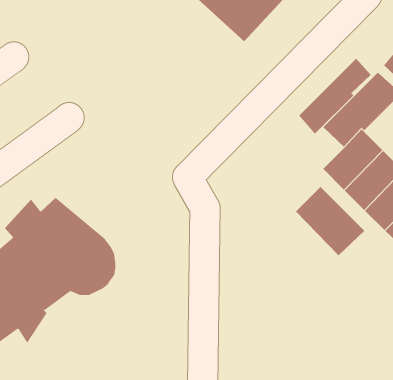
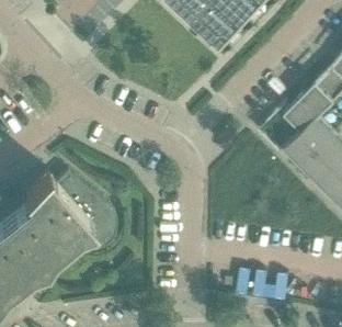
building: [299,58,372,135] -> none
building: [295,186,365,256] -> none

